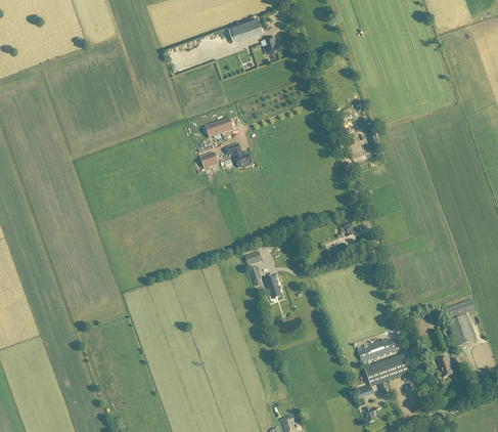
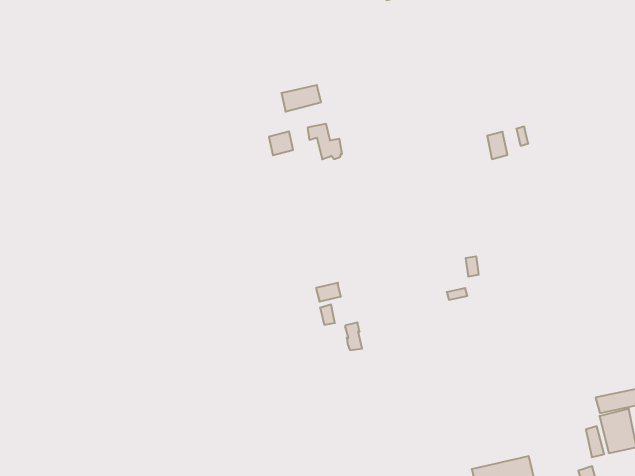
building: [357,338,393,363] -> none

